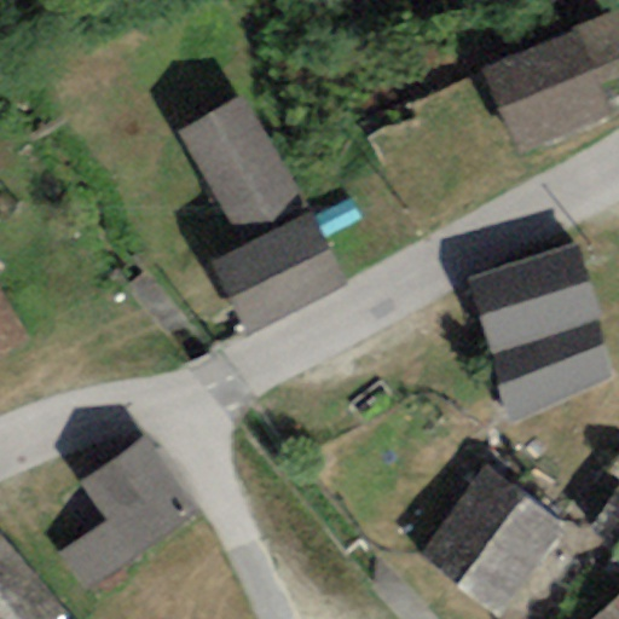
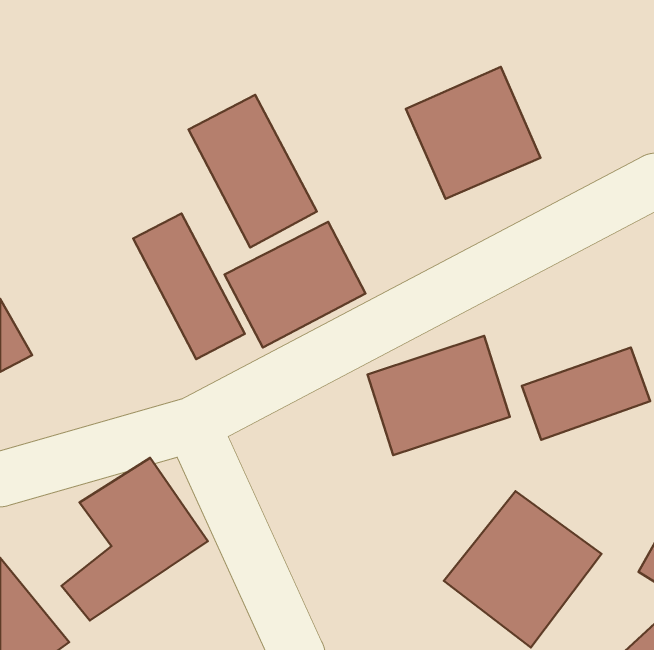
building: [484,24,611,149] -> [406,67,540,199]
building: none -> [133,213,245,359]
building: [467,241,601,353] -> [367,336,510,455]

